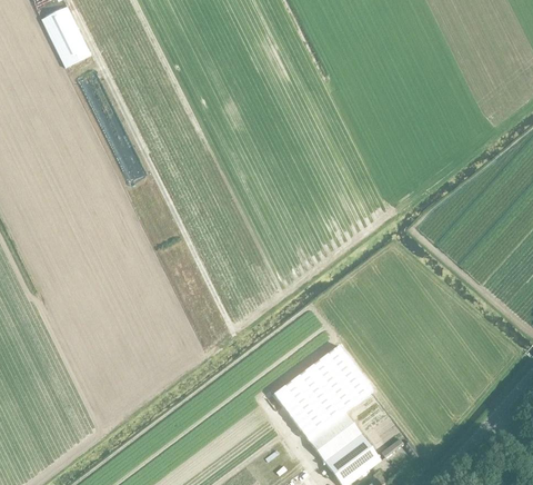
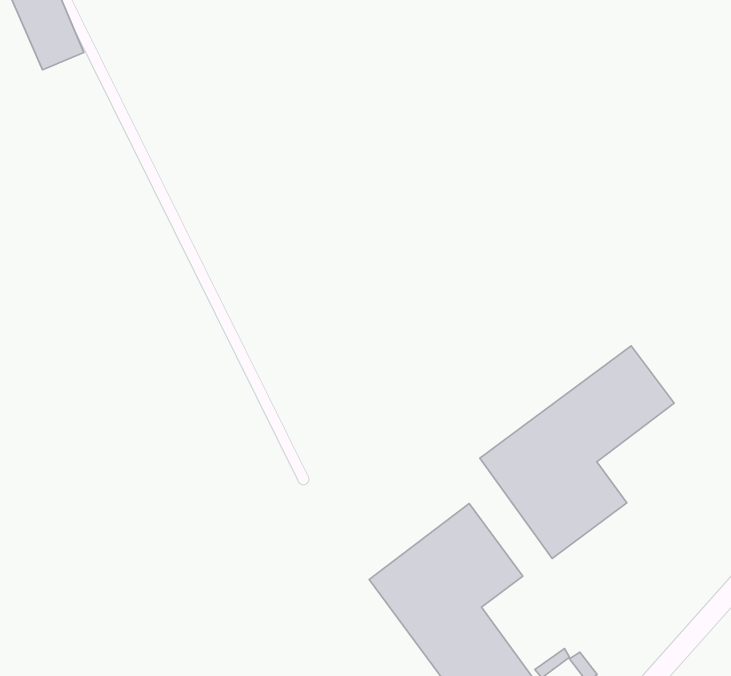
building: none -> [480,346,674,558]

